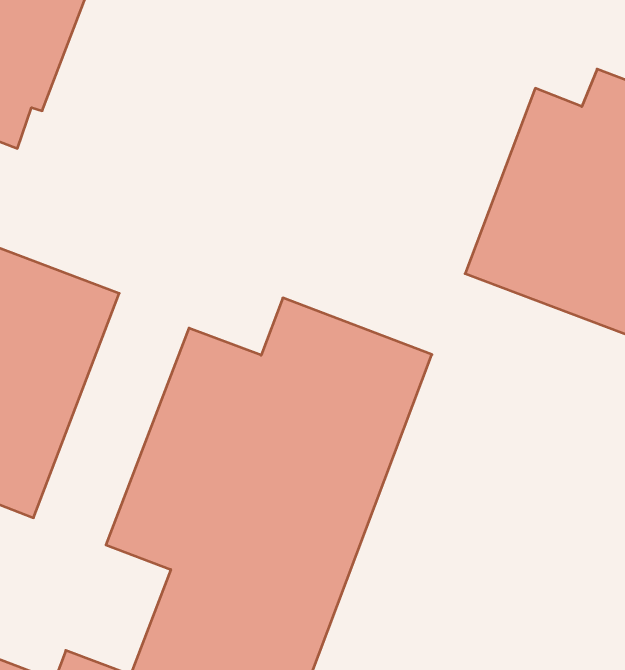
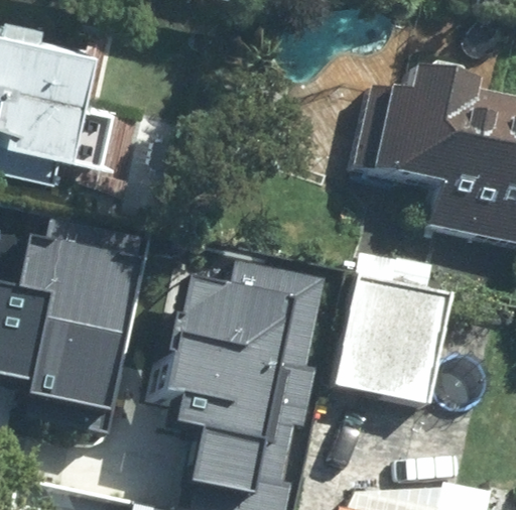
building: none -> [337,275,456,406]

